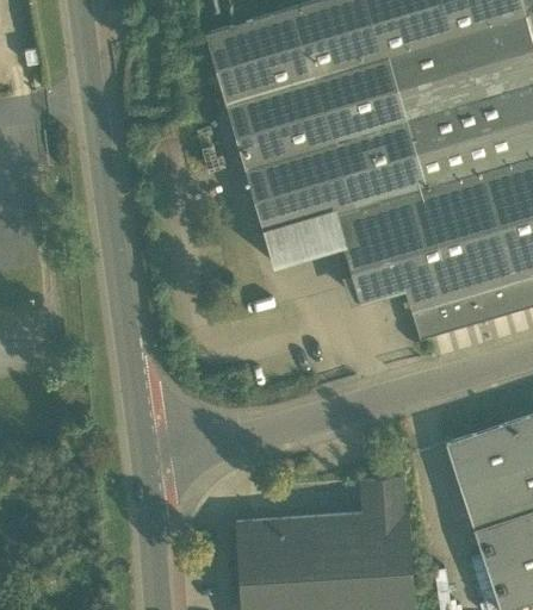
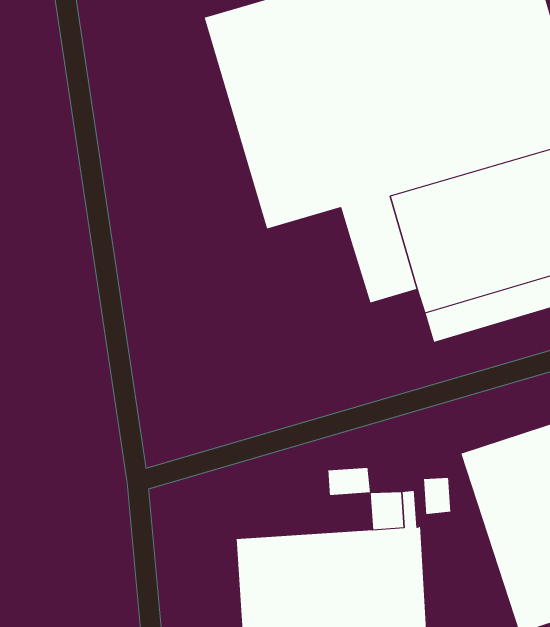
building: [264,212,342,264] -> none
building: none -> [328,467,371,496]
building: none -> [423,477,451,515]

